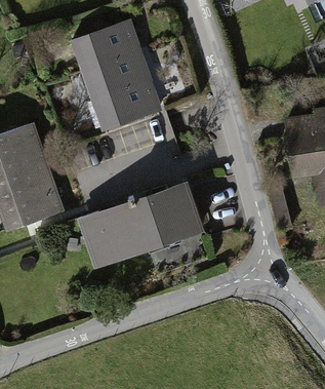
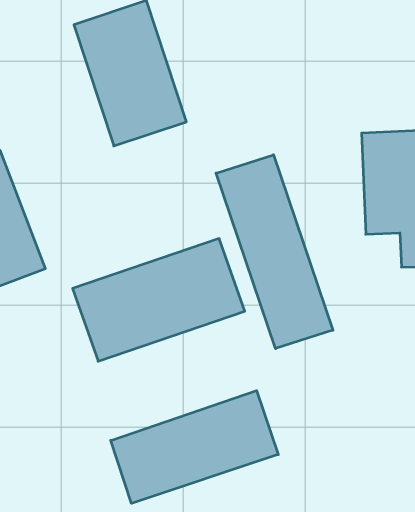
building: none -> [216,155,333,349]
building: none -> [111,391,278,503]

